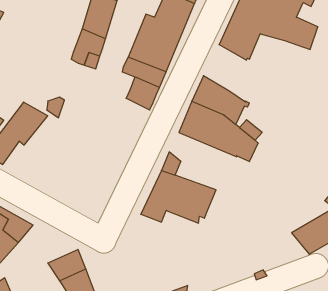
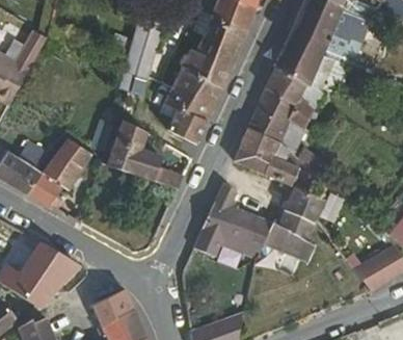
building: none -> [257,57,343,130]
building: none -> [112,124,184,187]
building: none -> [261,187,321,263]

